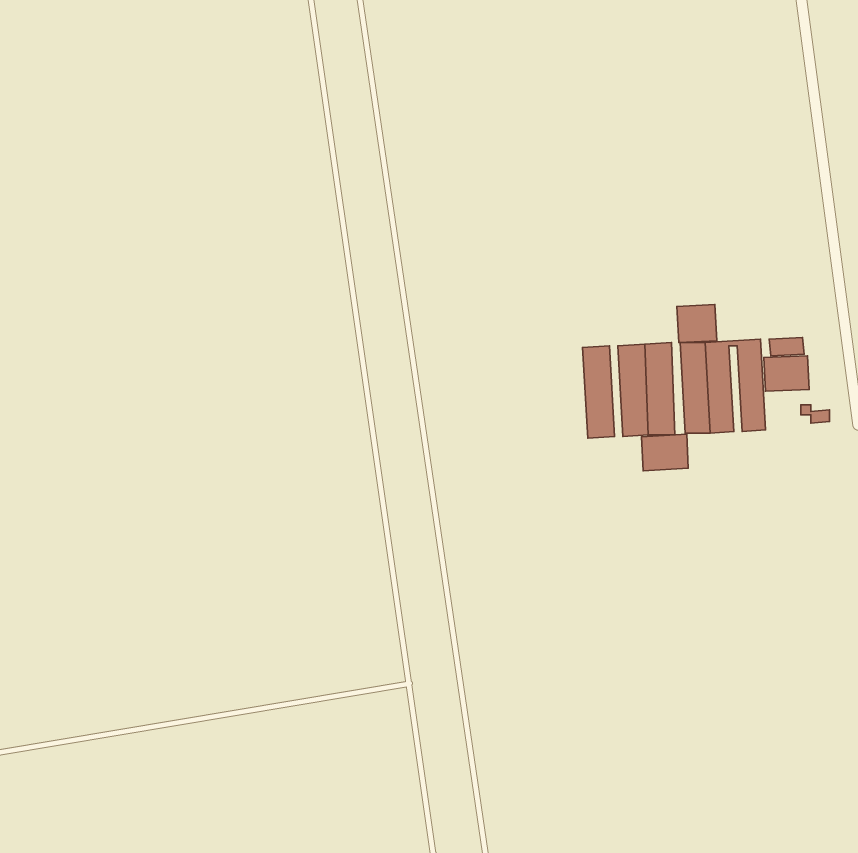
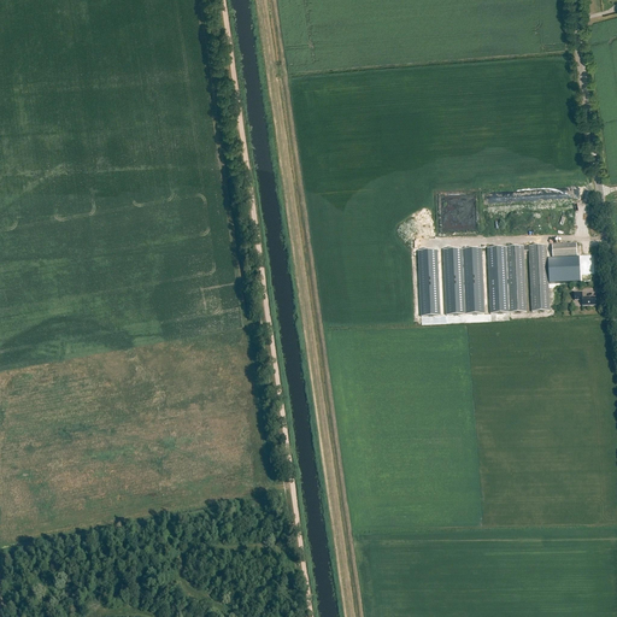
building: [677,305,717,343] -> none
building: [642,434,688,471] -> none

